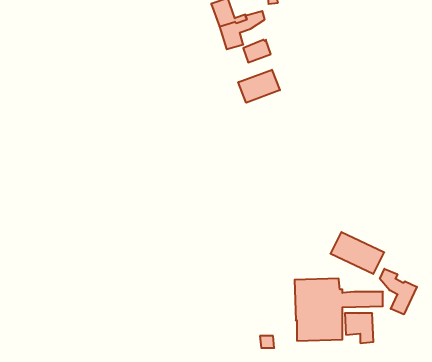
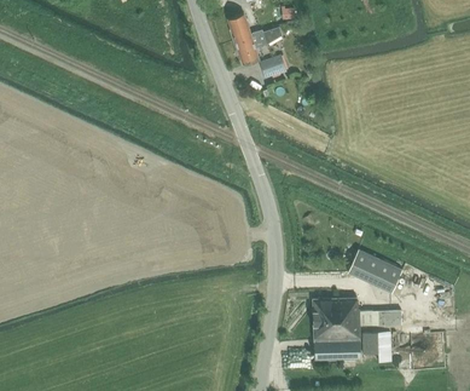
building: [238,70,280,103] -> none
building: [380,269,417,314] -> none

